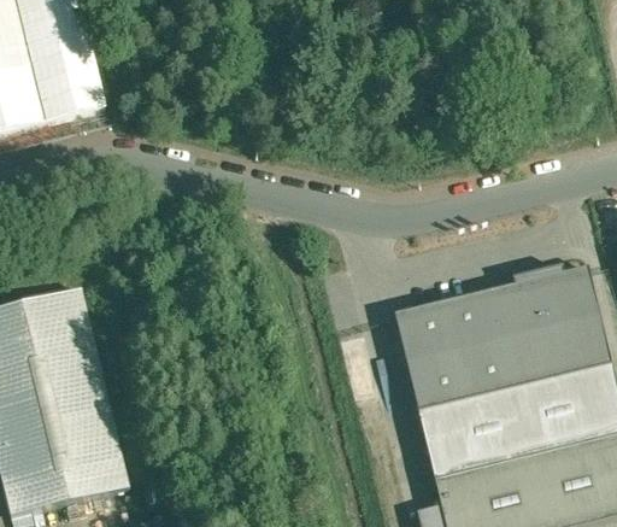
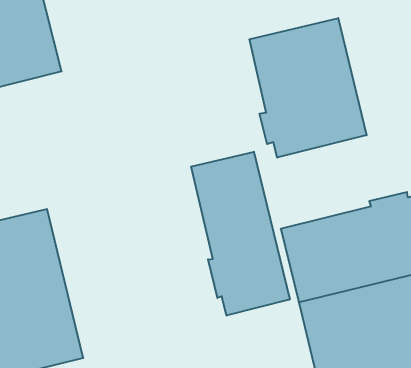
building: none -> [249,18,367,158]
building: none -> [191,152,290,316]

